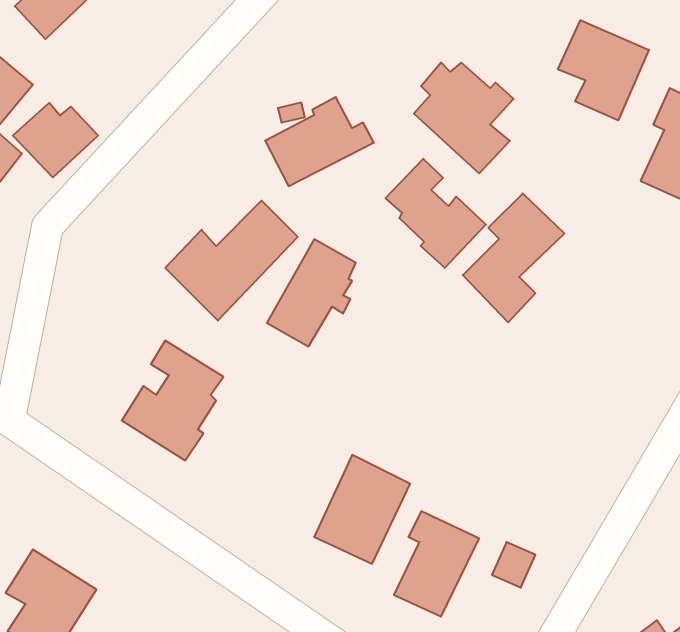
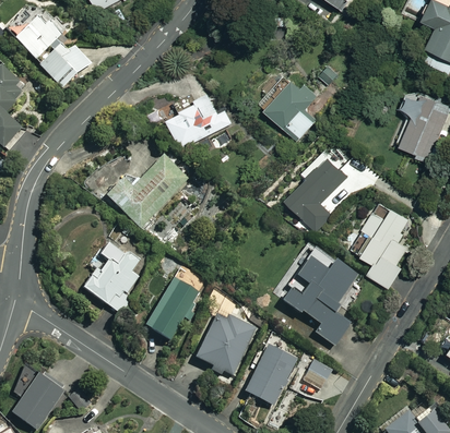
building: [558,20,649,120] -> none
building: [13,103,98,177] -> [39,45,91,89]
building: [386,159,486,268] -> none
building: [267,239,356,346] -> [145,278,199,342]
building: none -> [348,201,411,289]
building: none -> [282,249,356,347]

